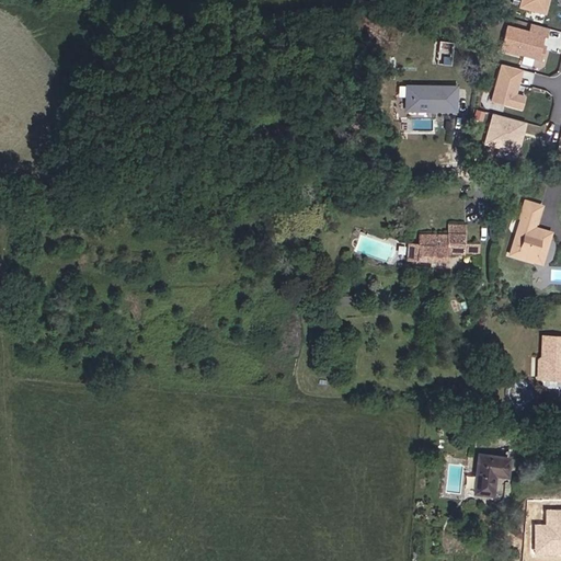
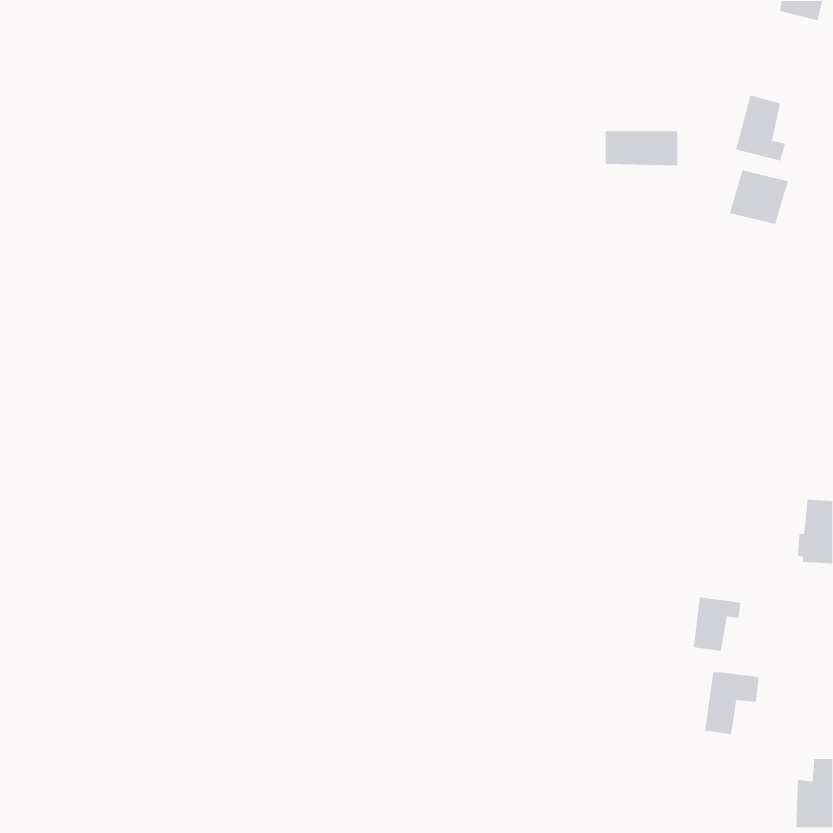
building: [505,24,553,60] -> none
building: [513,203,549,262] -> none
building: [405,224,481,264] -> none
building: none -> [693,597,741,652]

